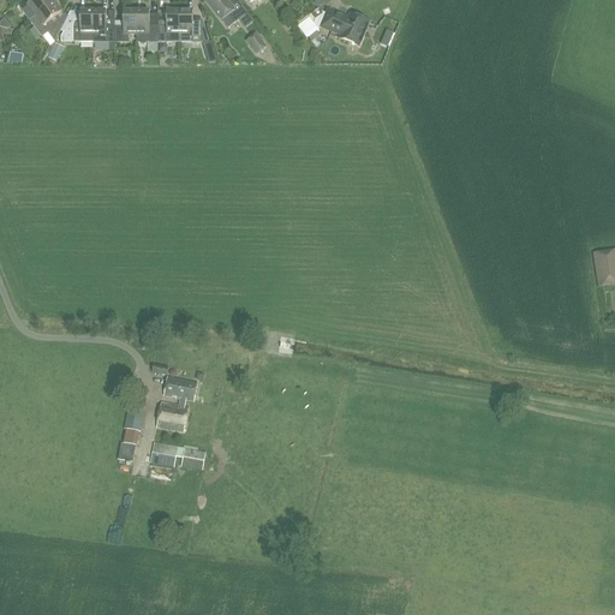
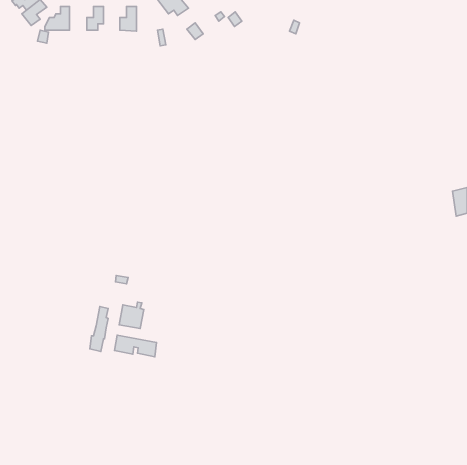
building: [320,7,369,43] -> none
building: [91,8,114,50] -> none
building: [136,8,157,41] -> none
building: [179,8,199,42] -> none
building: [165,375,197,399] -> none

